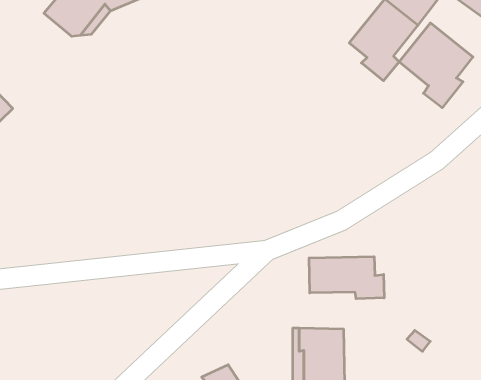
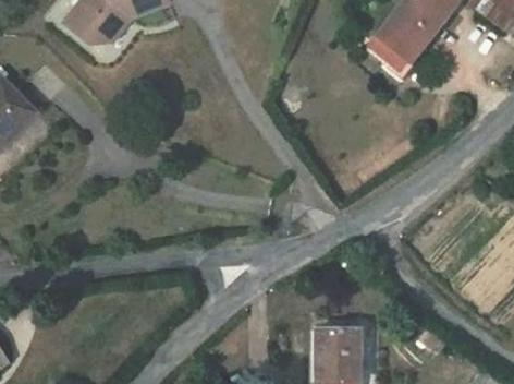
building: [399,23,473,108] -> none
building: [309,257,384,299] -> none

